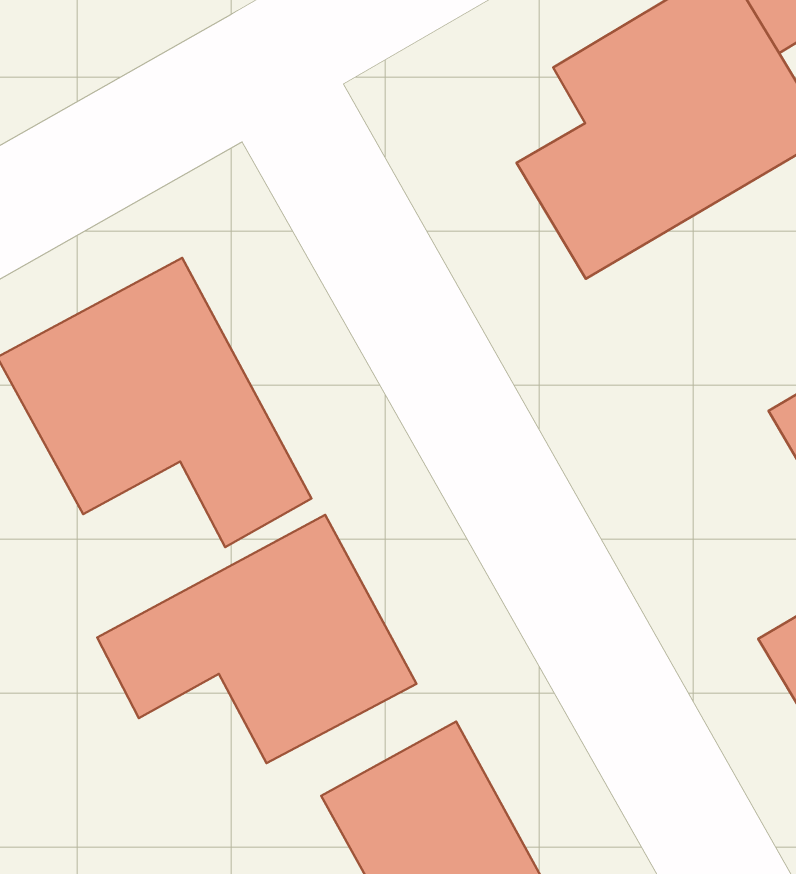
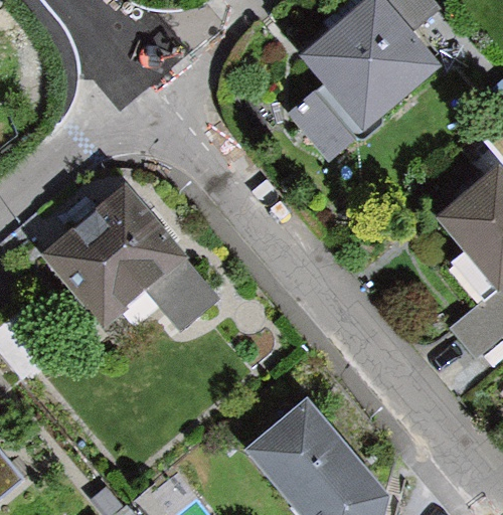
building: [97,515,417,763] -> none

